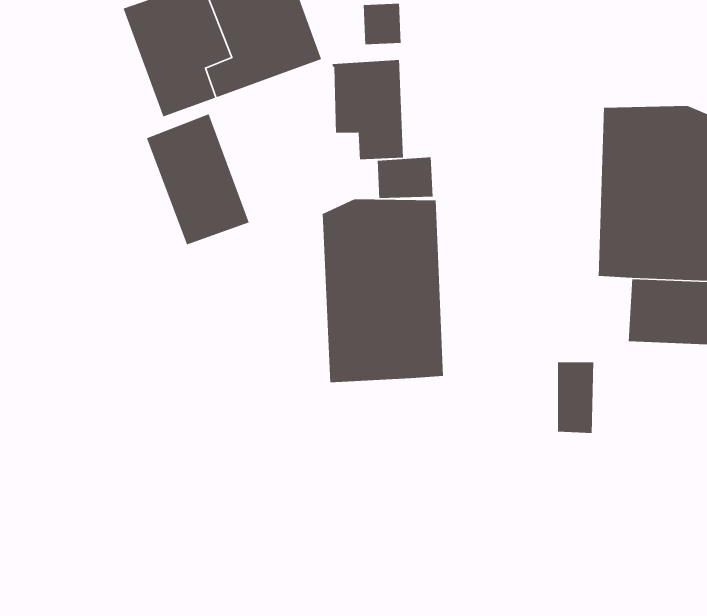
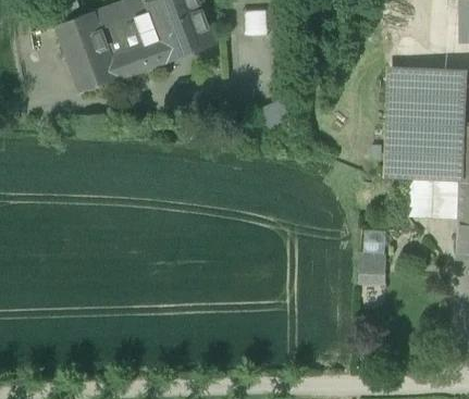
building: [332,59,404,160] -> none
building: [146,113,250,246] -> [57,12,121,93]
building: [322,199,444,383] -> none

